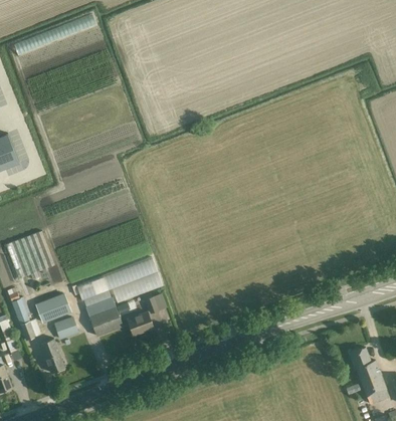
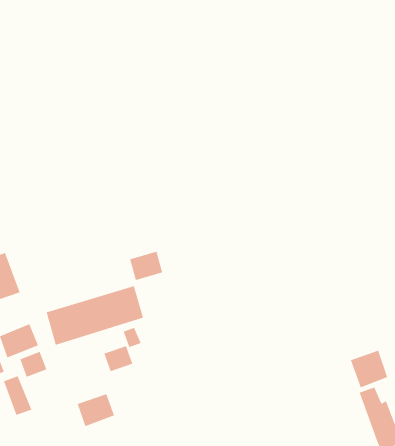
building: none -> [130,251,163,281]
building: [90,307,124,337] -> [77,394,115,427]
building: none -> [350,350,388,388]

